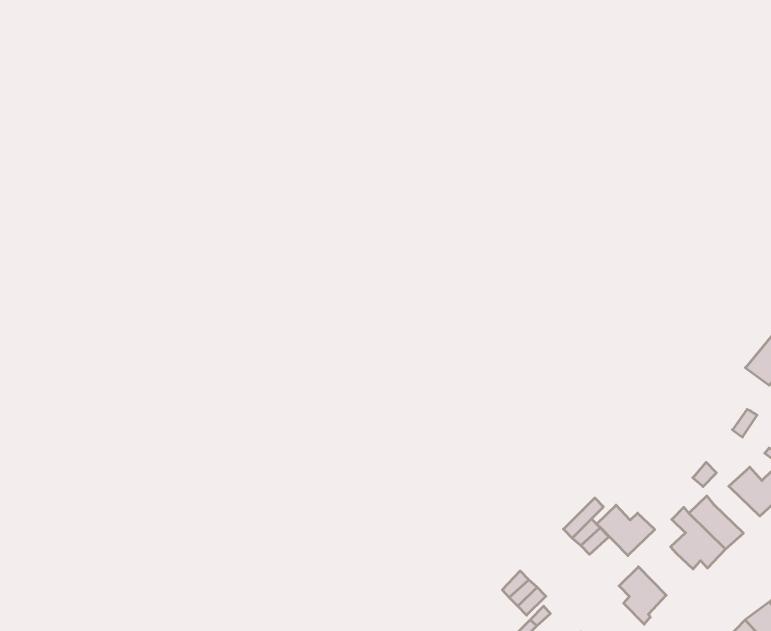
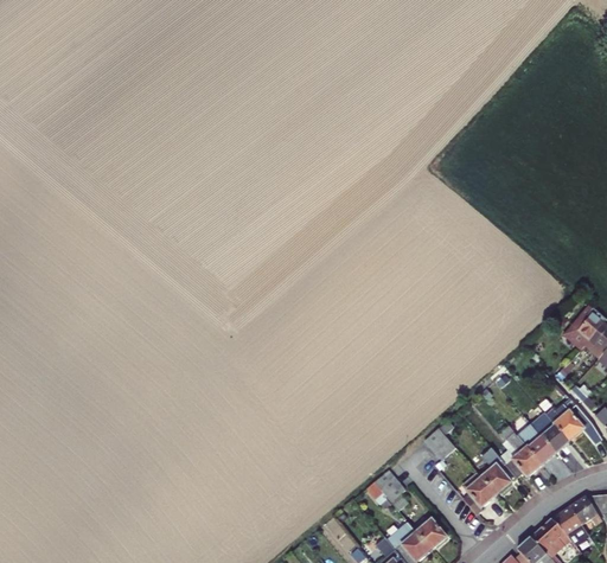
building: none -> [535,420,568,454]
building: [597,505,655,556] -> [473,458,516,495]

